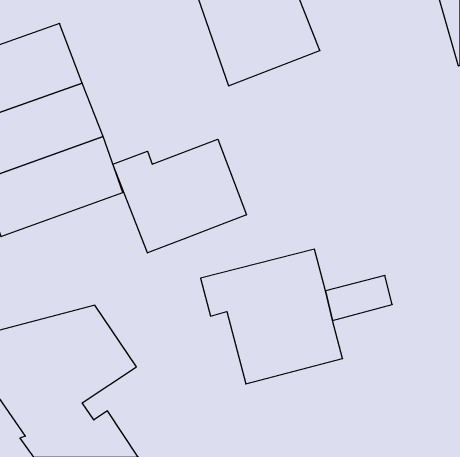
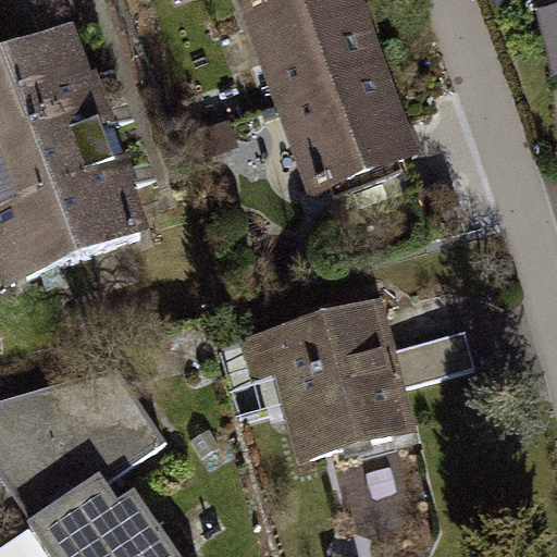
building: none -> [275,61,421,197]
building: [113,139,246,253] -> none

